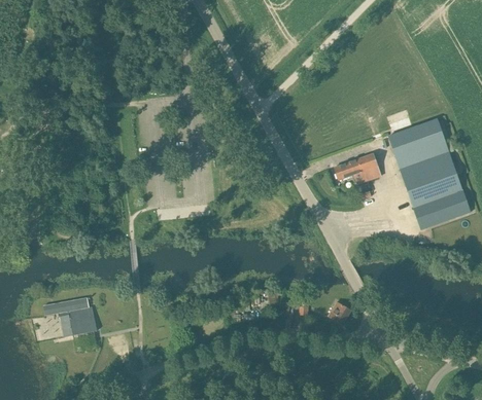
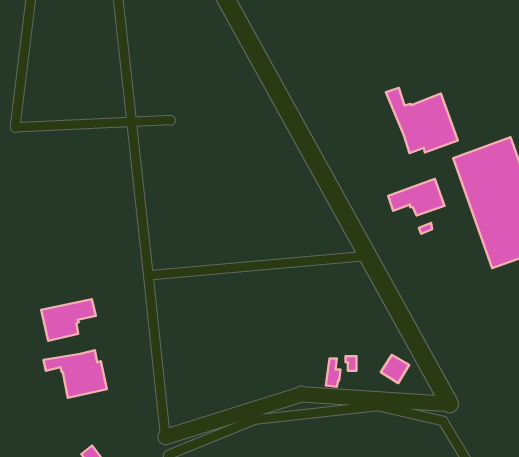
building: none -> [386,88,458,153]
building: none -> [41,299,96,341]

